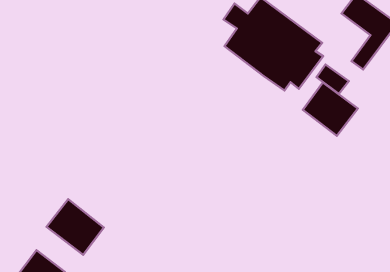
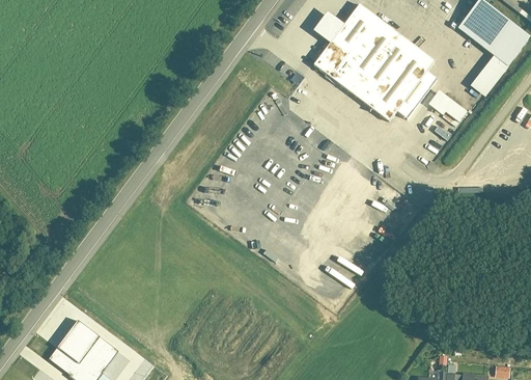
building: [303,83,358,136] -> none
building: [46,199,104,255] -> none

